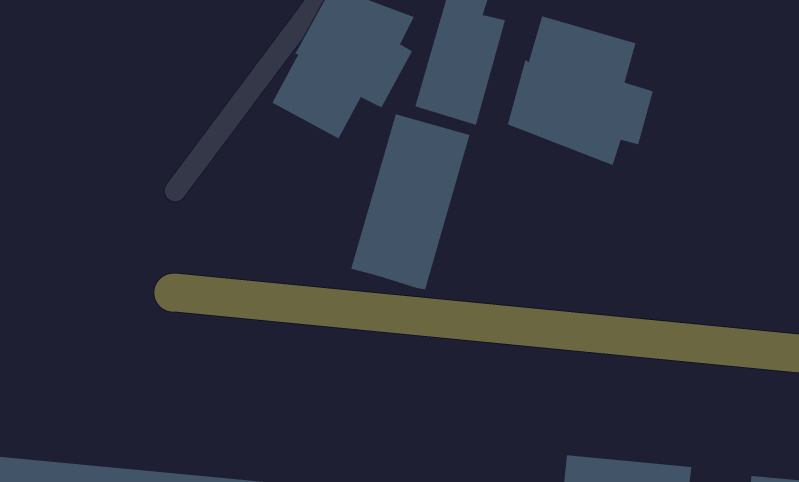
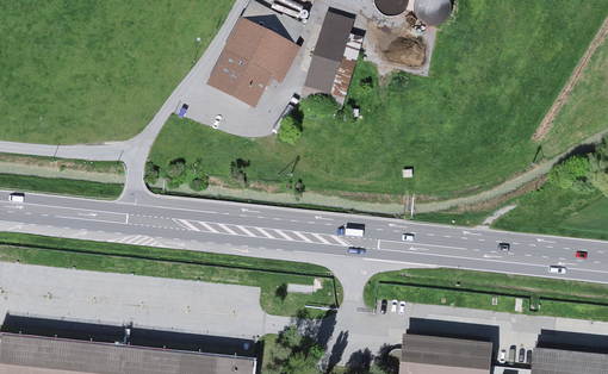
building: [507,16,654,166] -> none
building: [351,113,470,290] -> none

